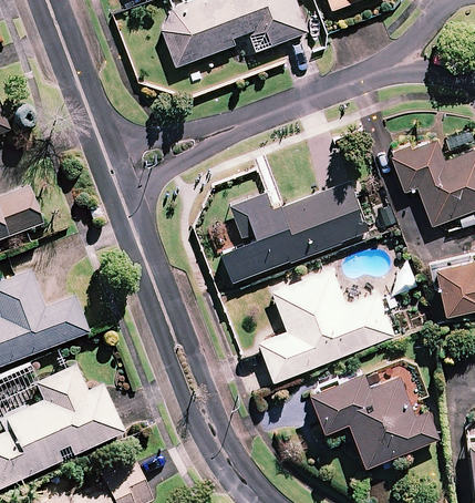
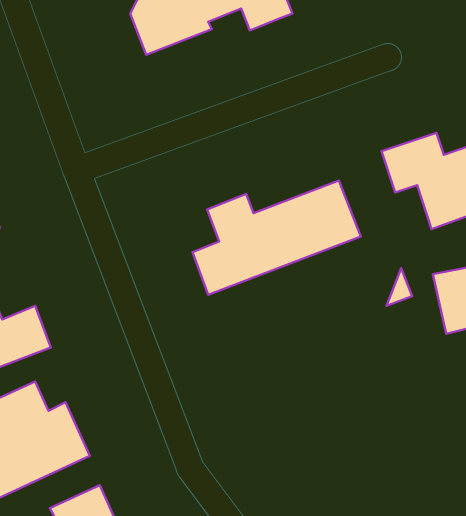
building: [258,268,395,381] -> none
building: [308,370,438,465] -> none

